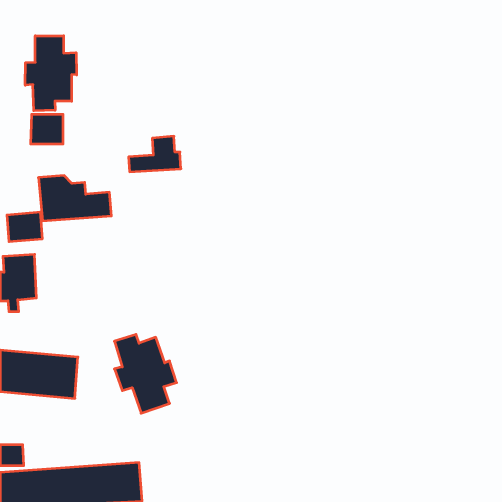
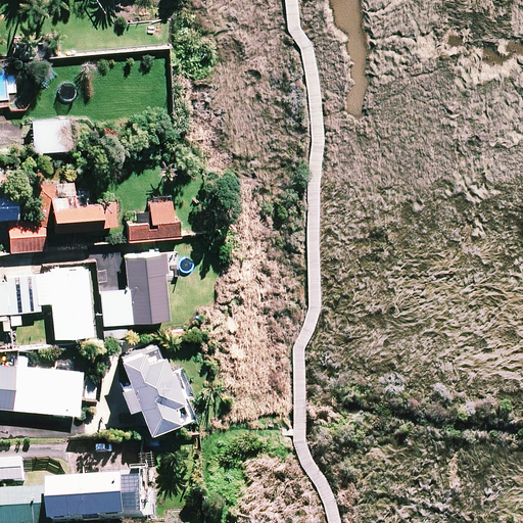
building: [25,36,77,111] -> none
building: [129,136,181,172] -> [126,203,180,240]
building: none -> [103,254,170,325]
building: none -> [49,270,94,338]

